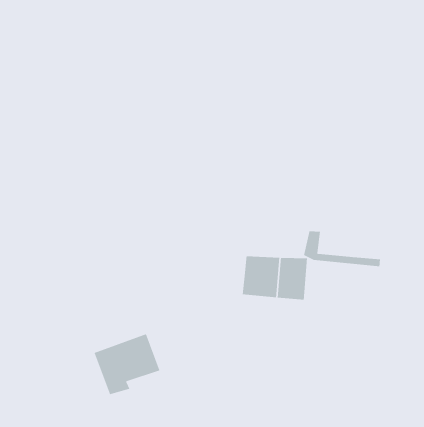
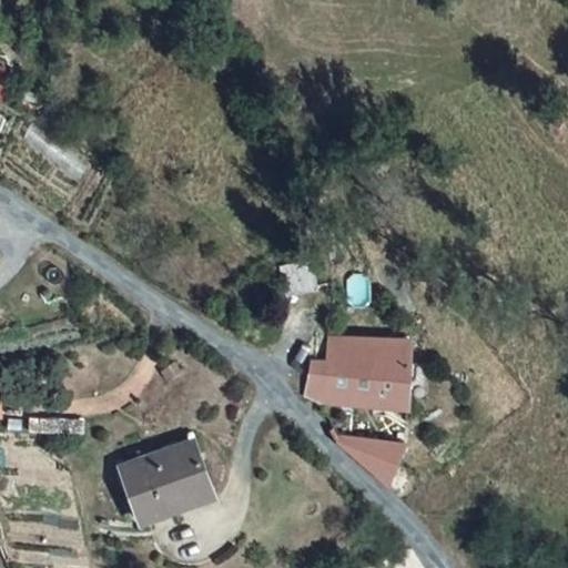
building: [303,230,381,267] -> [301,361,404,409]
building: none -> [334,437,408,483]

